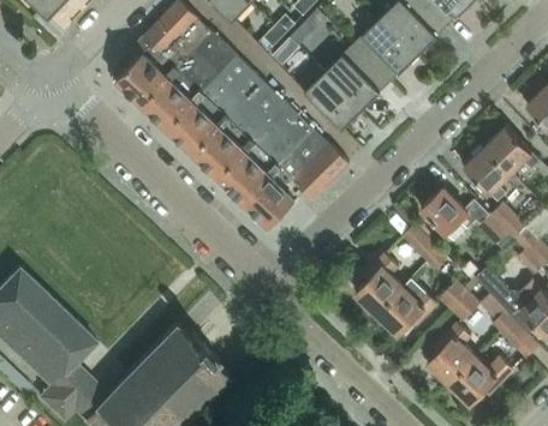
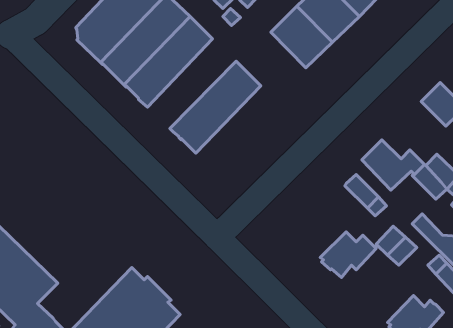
building: [298,65,362,130] -> none
building: [192,79,287,175] -> none
building: [244,130,350,227] -> none
building: [464,146,512,200] -> none
building: [356,253,405,313] -> none
building: [428,322,477,383] -> none

